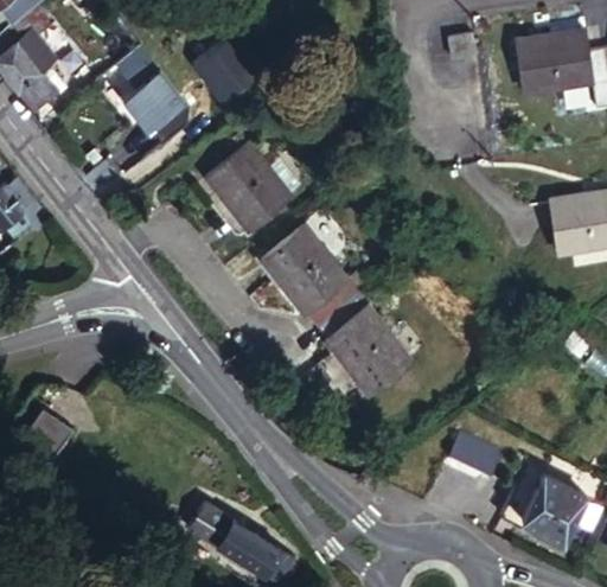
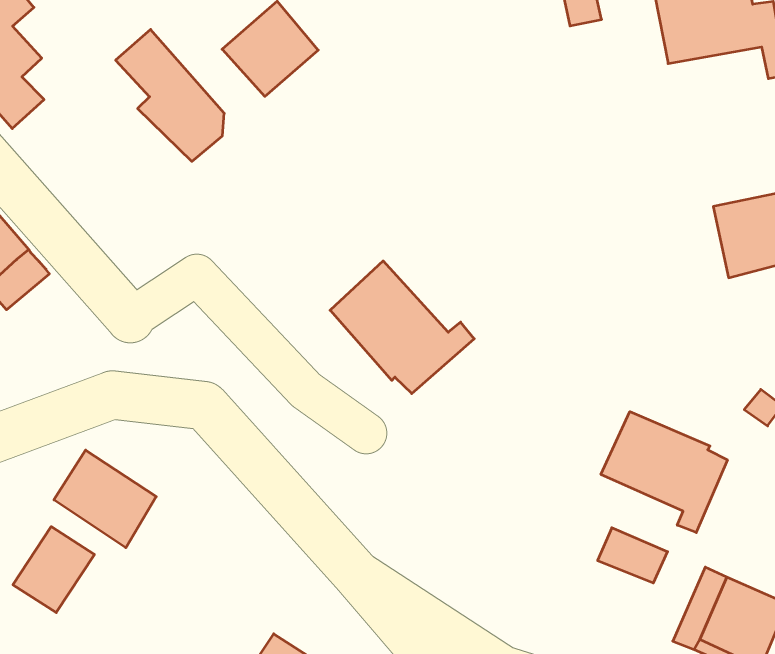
building: [205,145,300,231] -> none
building: [318,288,410,397] -> none
building: none -> [601,412,727,533]
building: none -> [54,450,156,548]

